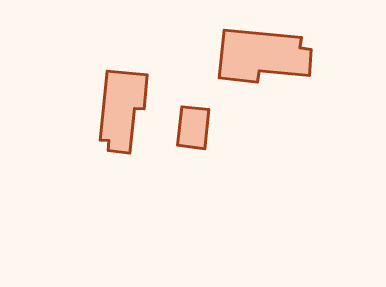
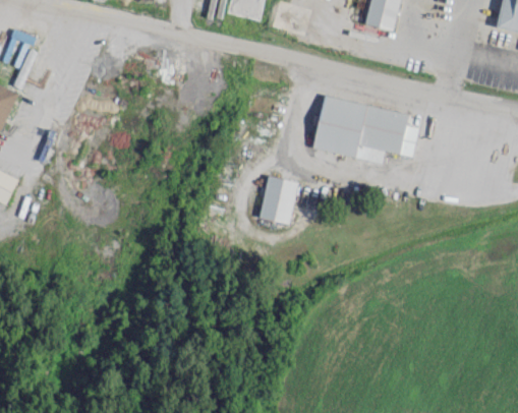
building: [100,71,147,153] -> none

